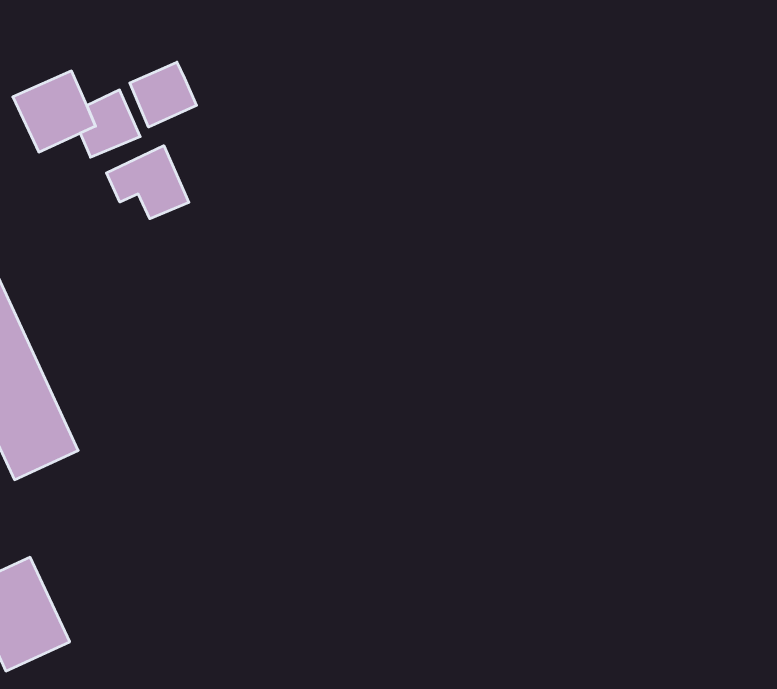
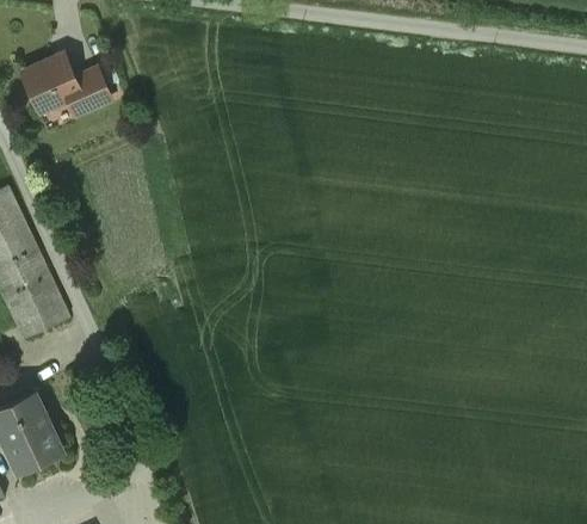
building: [130,62,197,127] -> none
building: [106,146,189,219] -> none

